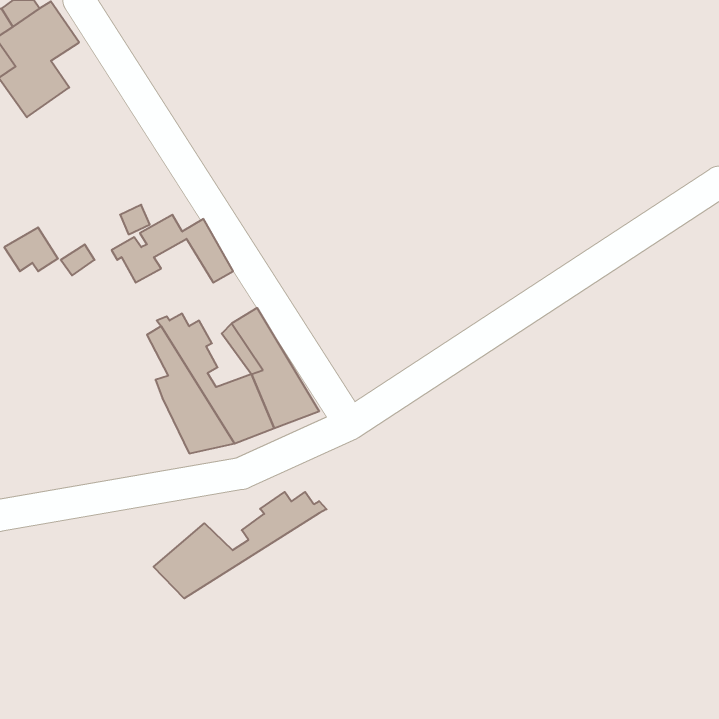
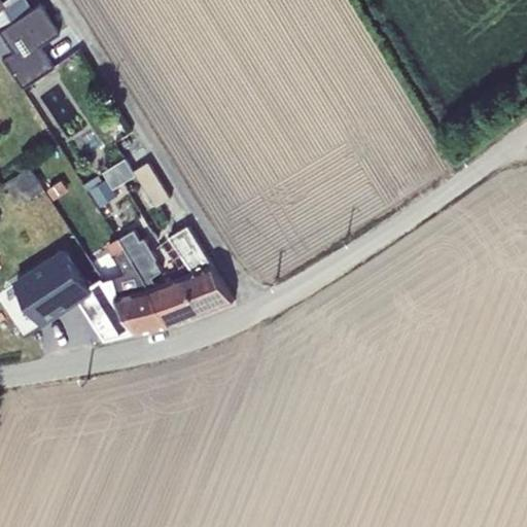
building: none -> [14,251,138,341]
building: [154,492,327,598] -> none

